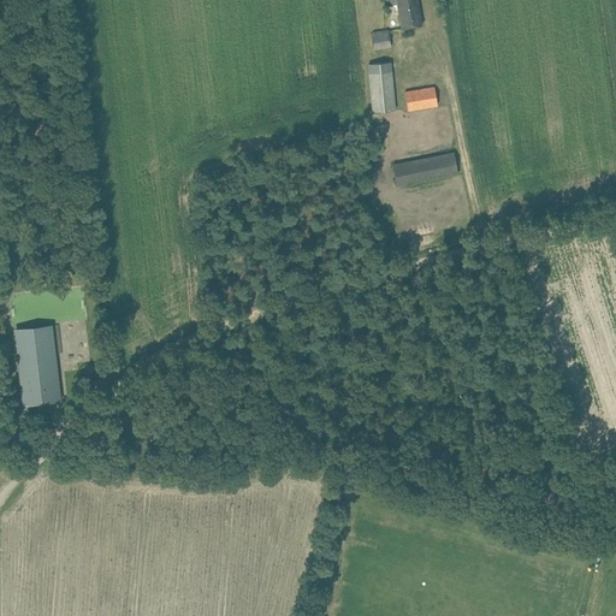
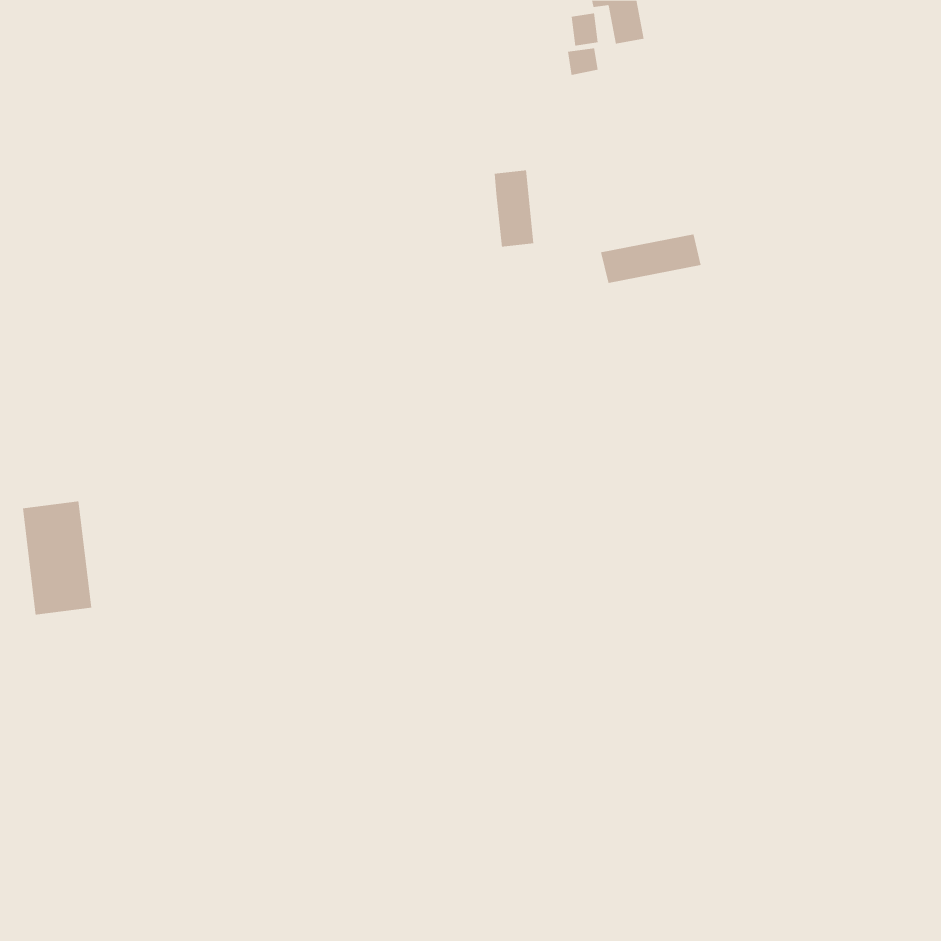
building: [368,61,395,112] -> [494,170,534,247]
building: [404,87,437,109] -> none

